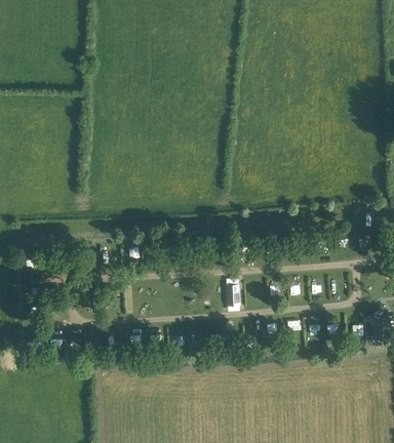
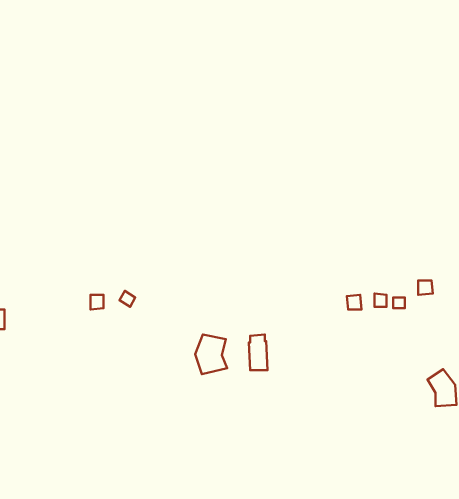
building: none -> [195,335,227,374]

